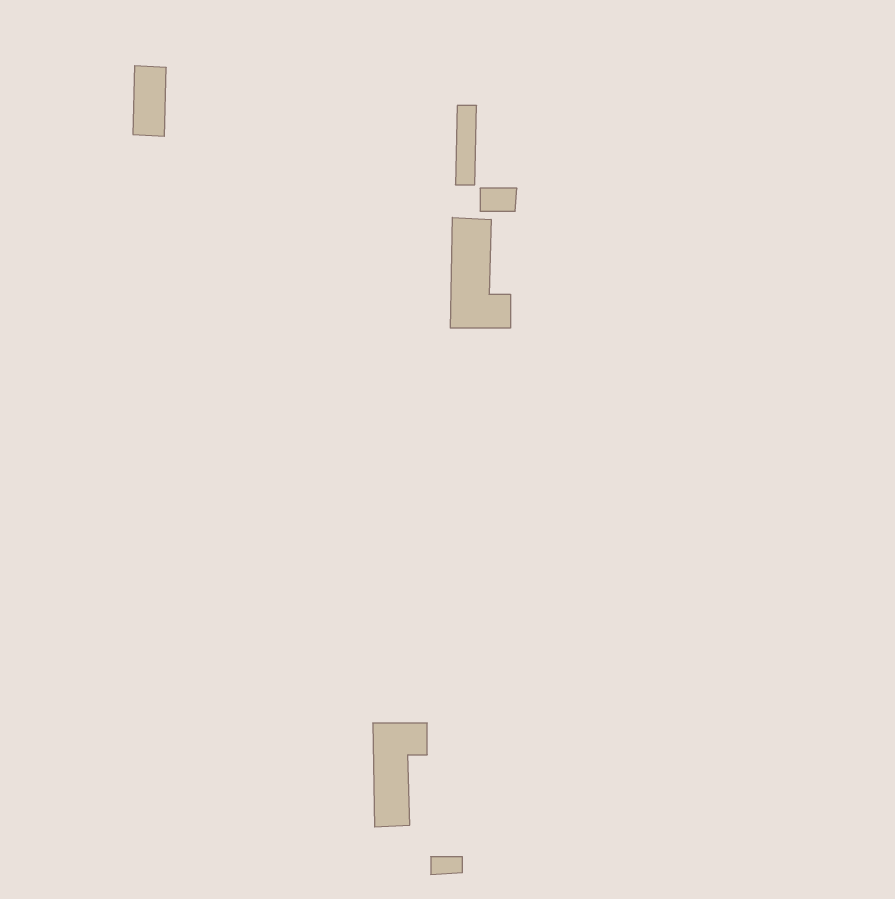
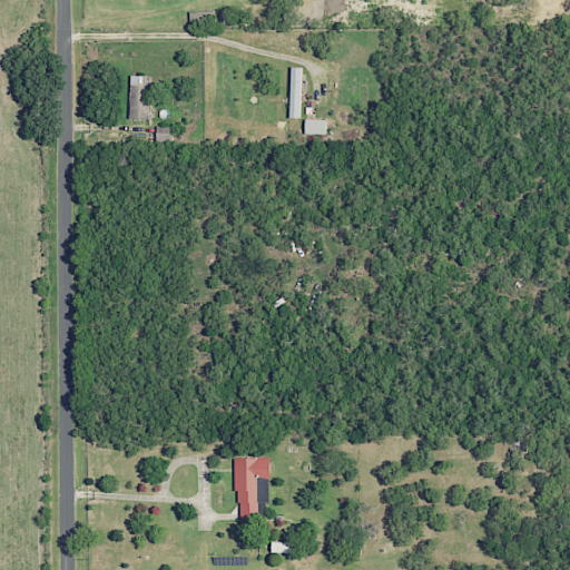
building: [133,66,166,136] -> [130,75,151,119]
building: [450,217,510,328] -> none

